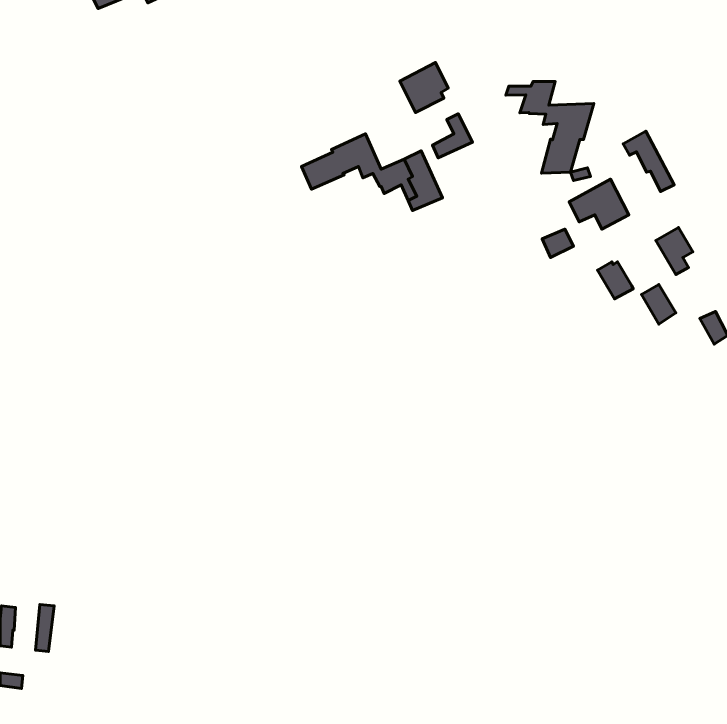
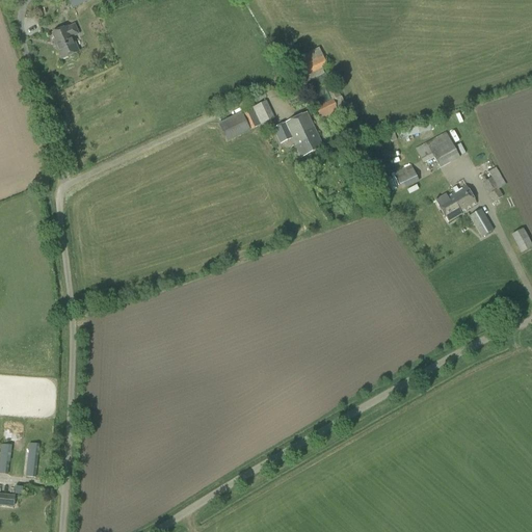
building: none -> [52,23,78,57]
building: [506,81,594,173] -> none
building: [623,131,674,191] -> none
building: none -> [451,183,477,209]

